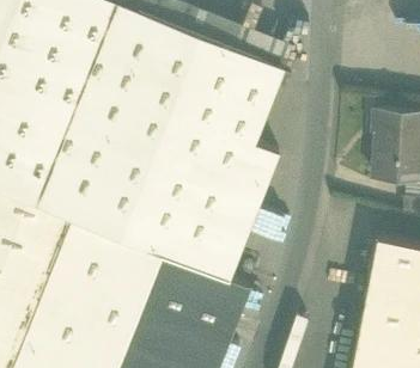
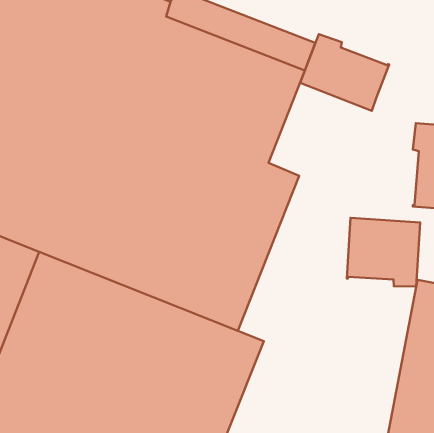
building: none -> [300,34,389,111]
building: none -> [347,218,420,286]

